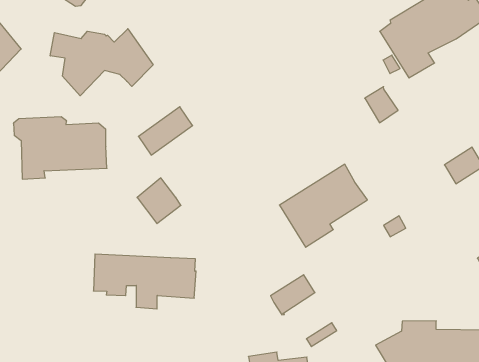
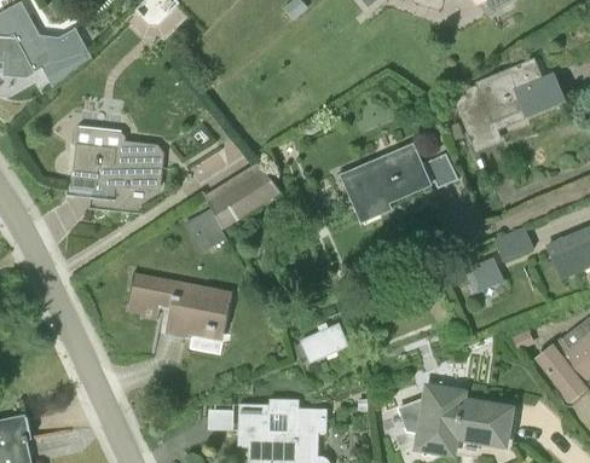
building: [50,29,153,96] -> none
building: none -> [208,169,279,230]
building: [279,164,367,247] -> [342,146,430,222]
building: none -> [456,257,502,293]

